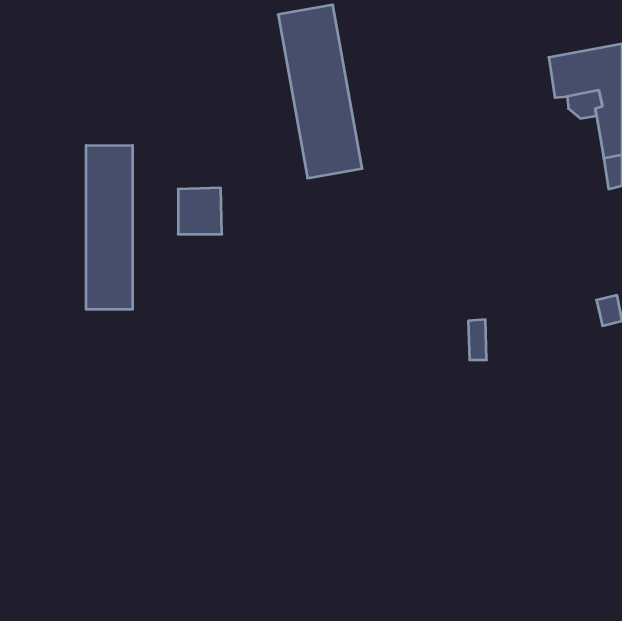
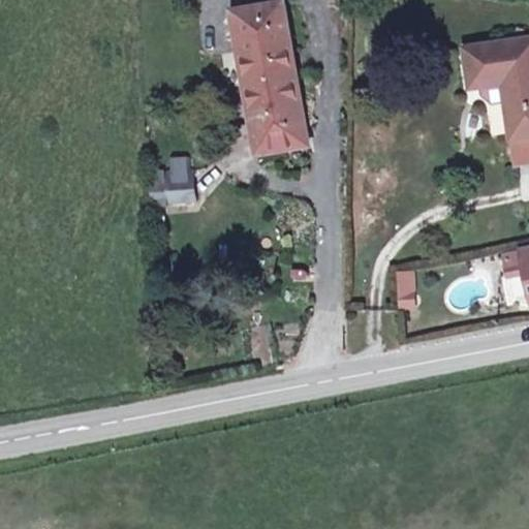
building: [86,145,133,309] -> none

